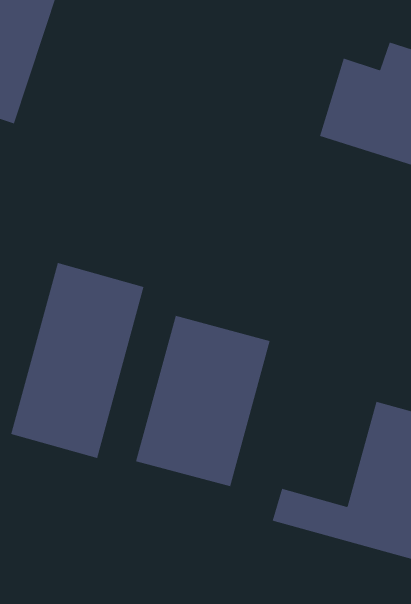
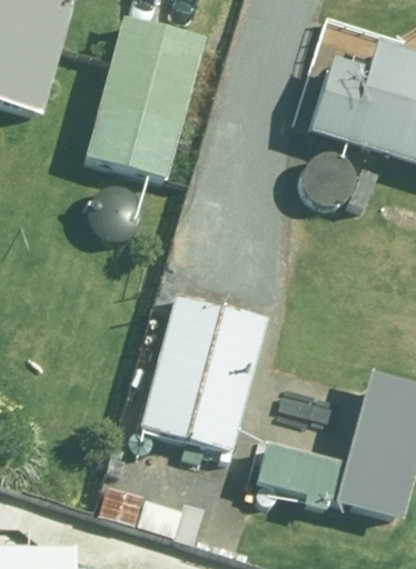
building: none -> [86,17,204,181]
building: [11,262,144,459] -> none

